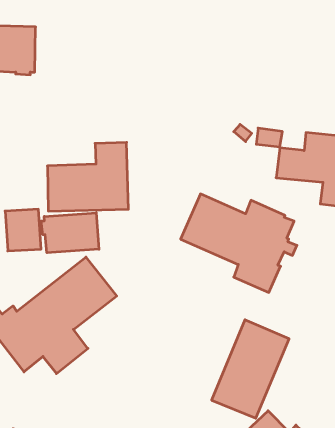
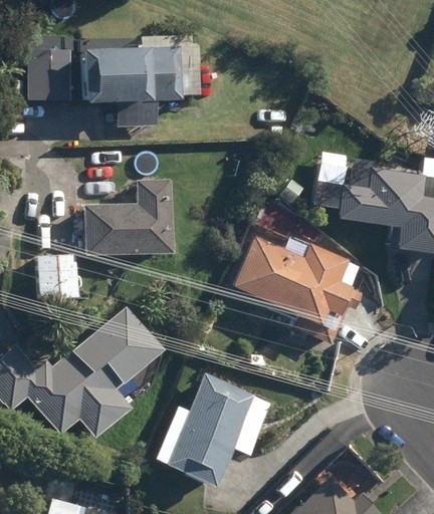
building: none -> [86,35,199,127]
building: [41,213,99,253] -> none
building: [212,320,289,418] -> [168,375,254,485]

